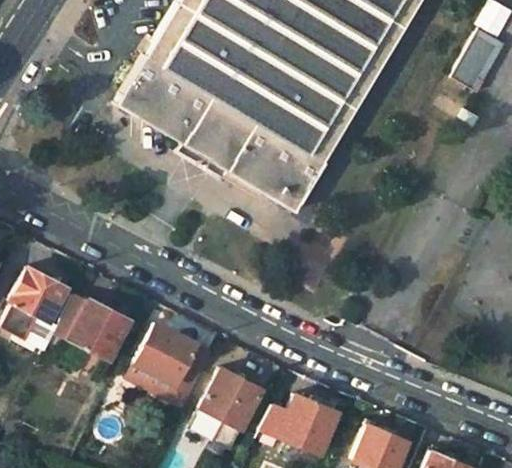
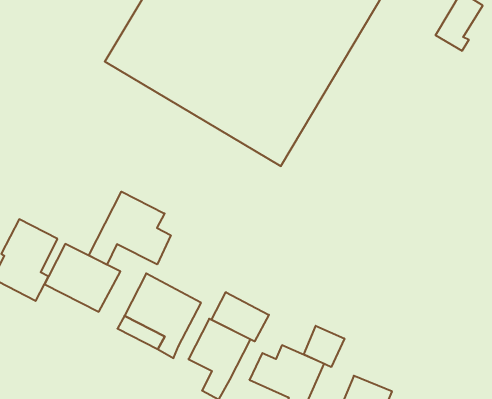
building: none -> [89,192,171,265]
building: none -> [212,292,269,341]
building: none -> [304,326,344,367]

